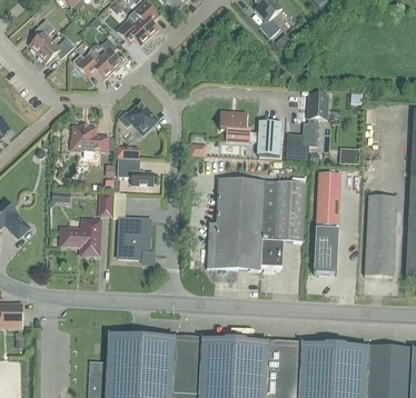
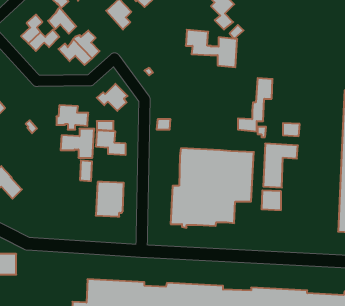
building: [116,14,149,46] -> [48,8,76,34]
building: [219,111,280,156] -> [186,30,237,67]
building: [364,195,396,276] -> none
building: [60,220,100,255] -> [61,129,94,158]
building: [313,250,337,273] -> none

